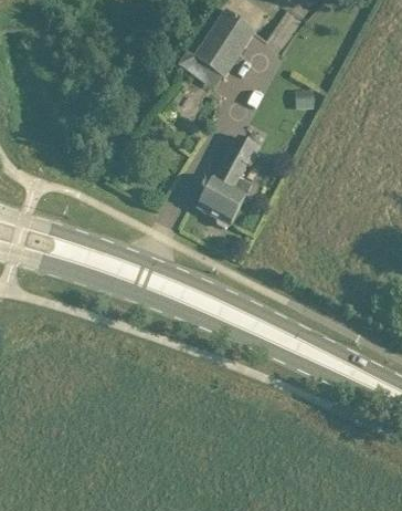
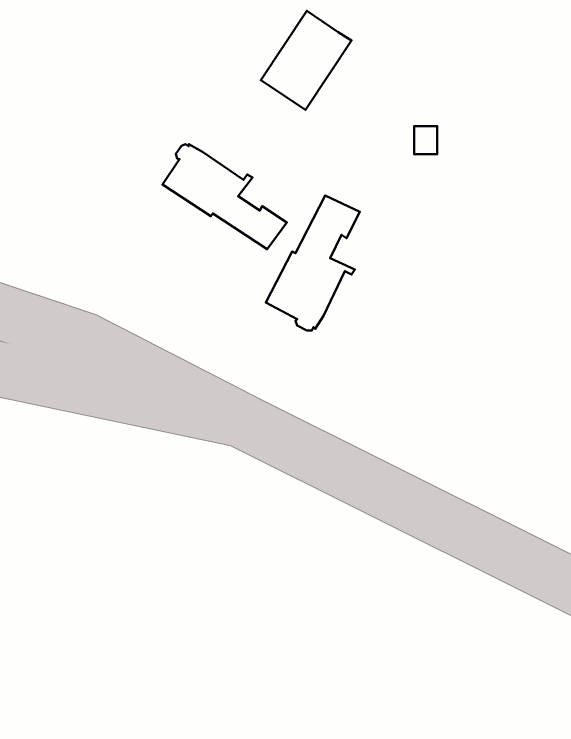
building: none -> [163,144,287,249]

